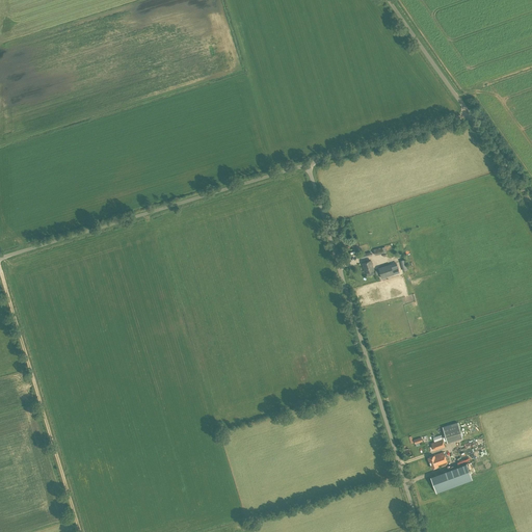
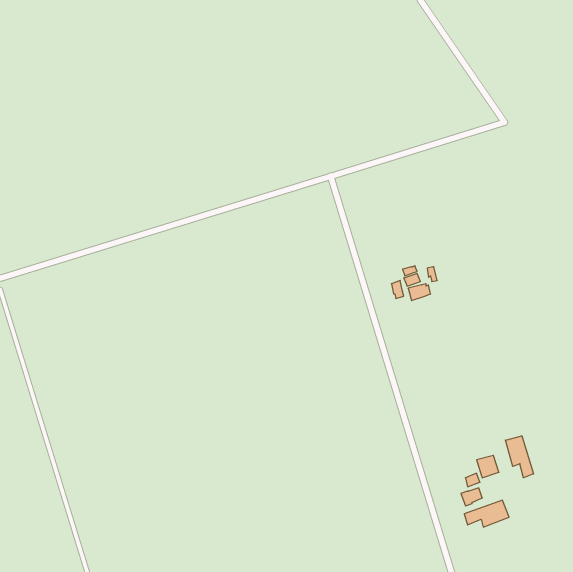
building: none -> [505,436,534,478]

